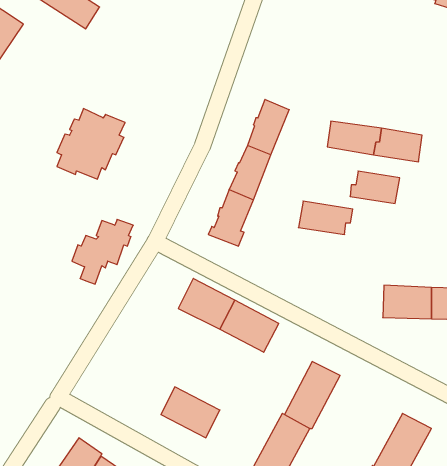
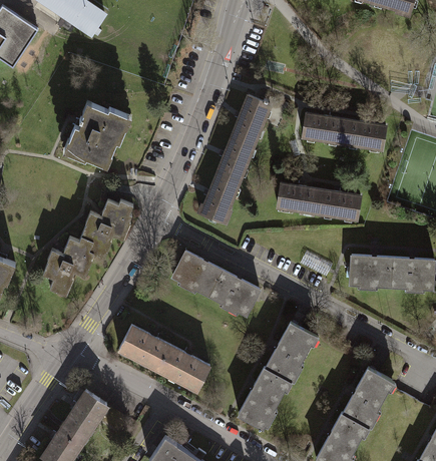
building: [350,171,400,203] -> [318,190,361,218]
building: none -> [43,236,93,293]
building: none -> [119,325,170,369]

